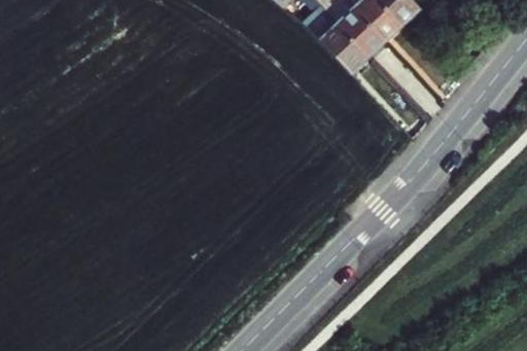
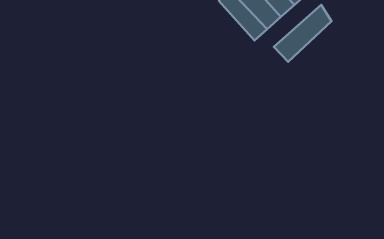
building: none -> [274,5,332,62]

